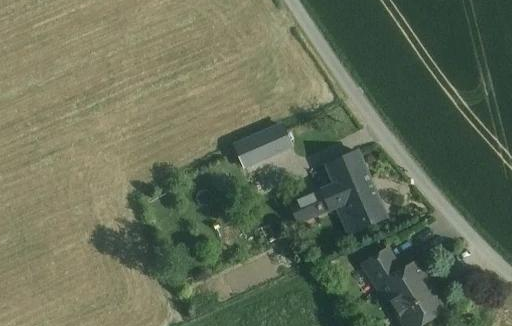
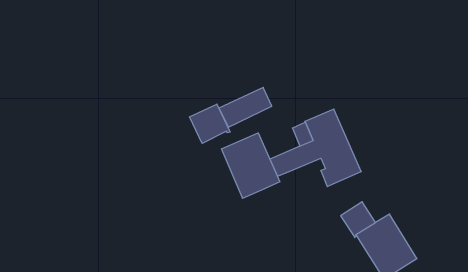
building: none -> [189,104,230,143]
building: none -> [222,133,280,198]

